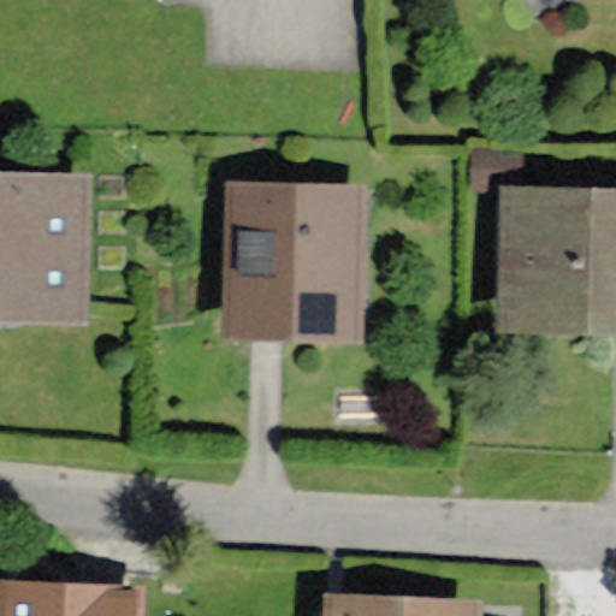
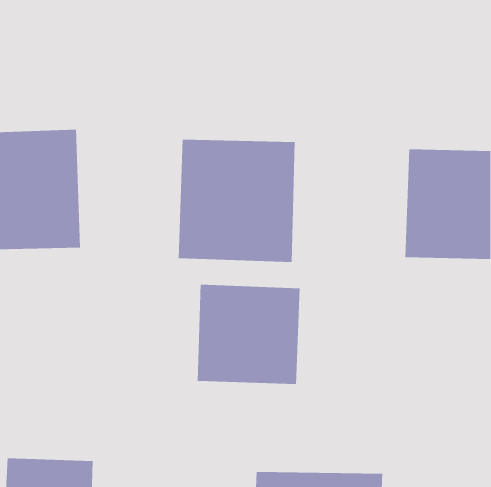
building: none -> [197,284,300,385]

